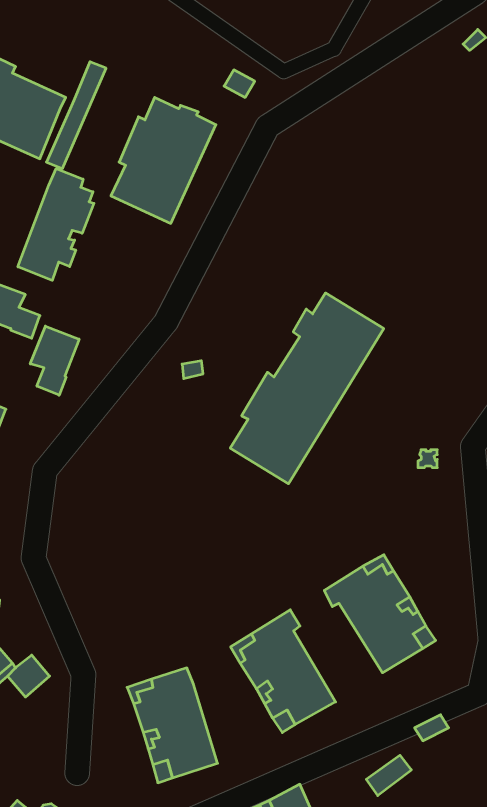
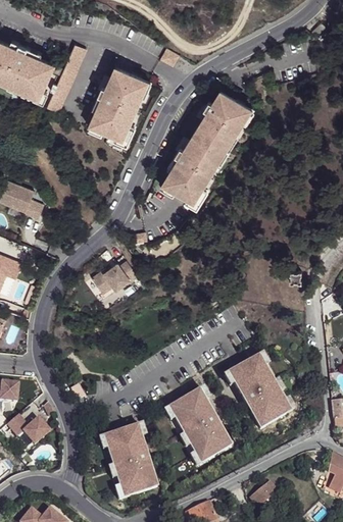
building: [18,169,94,280] -> none
building: [230,293,384,484] -> [160,89,257,209]
building: [30,326,79,395] -> none
building: none -> [92,260,138,291]

